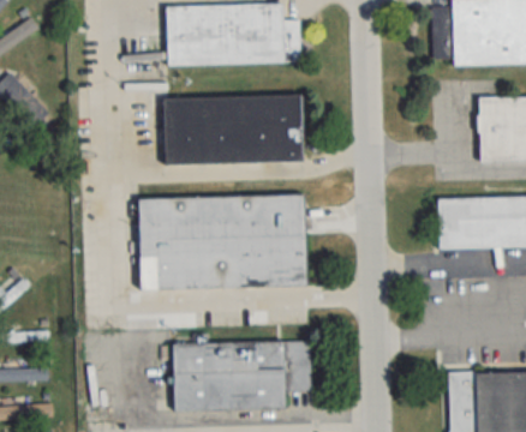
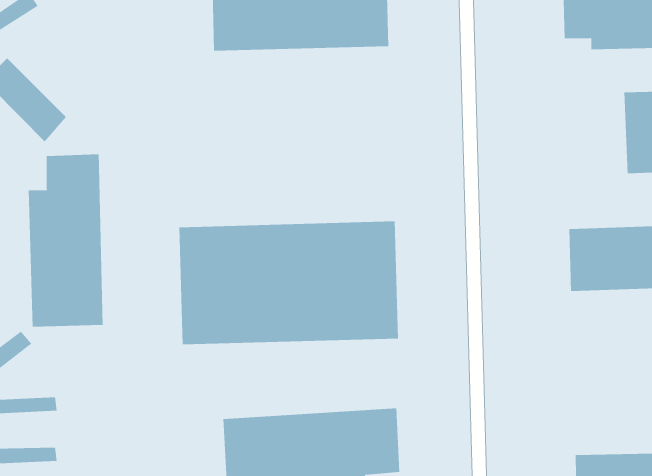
building: [162,94,304,162] -> none
building: none -> [28,153,103,328]

